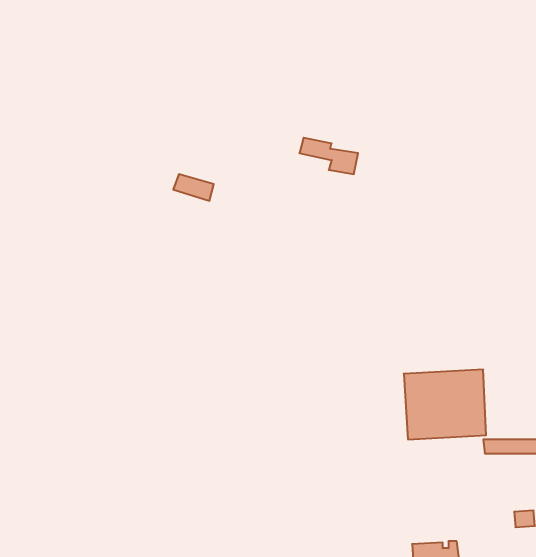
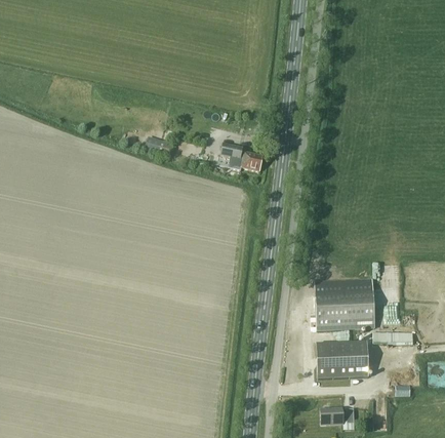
building: [299,138,358,174] -> [220,143,264,169]
building: none -> [316,341,368,379]

